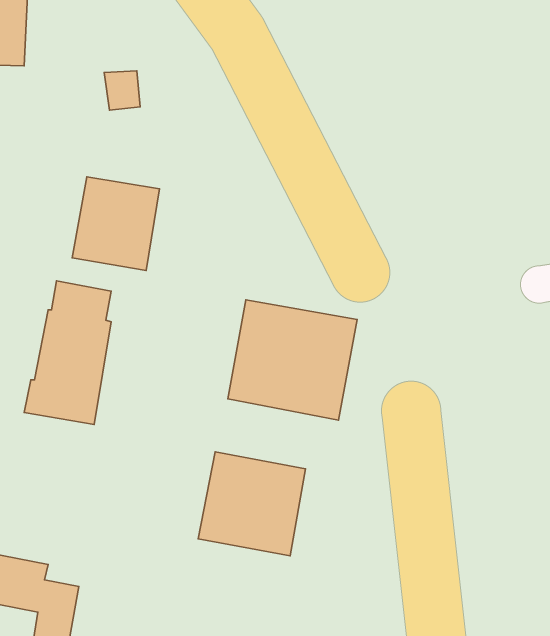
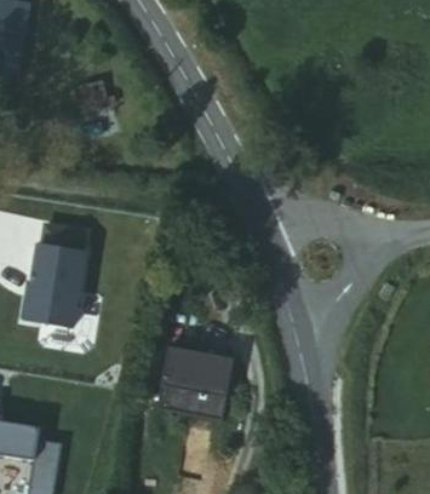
building: [72,177,159,271] -> none
building: [228,300,357,420] -> none

